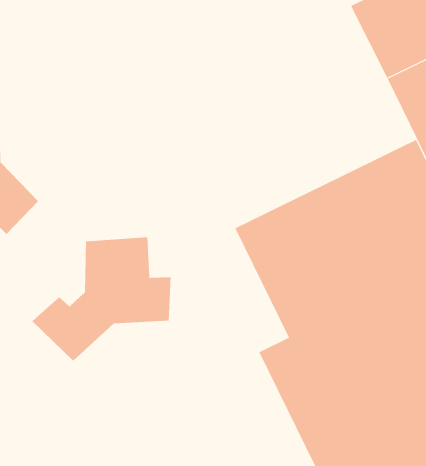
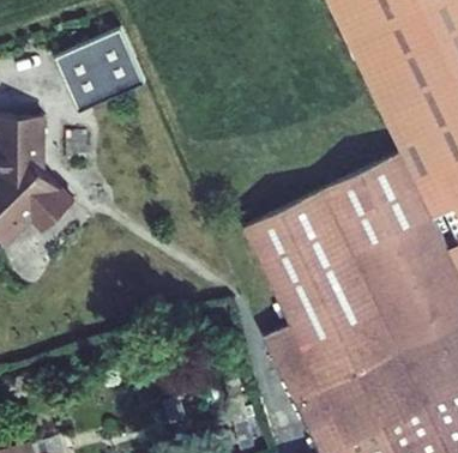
building: none -> [55,31,144,114]
building: [32,236,171,361] -> none

